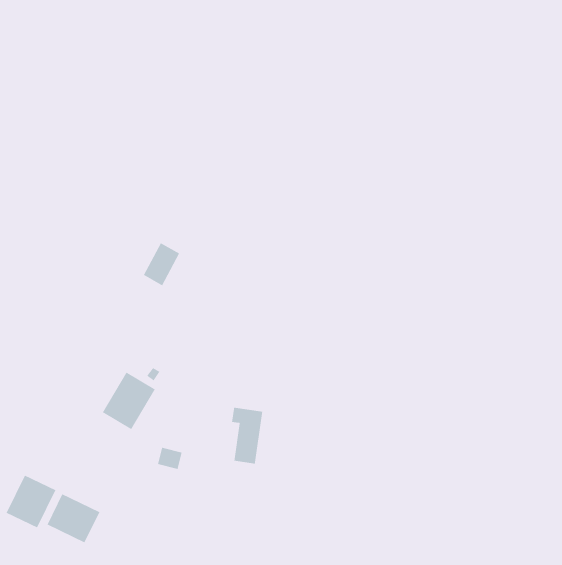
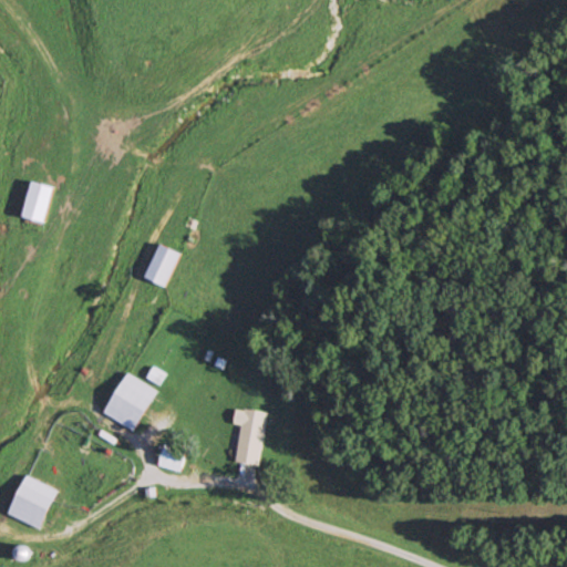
building: none -> [22,181,52,221]
building: [46,493,100,544] -> none

